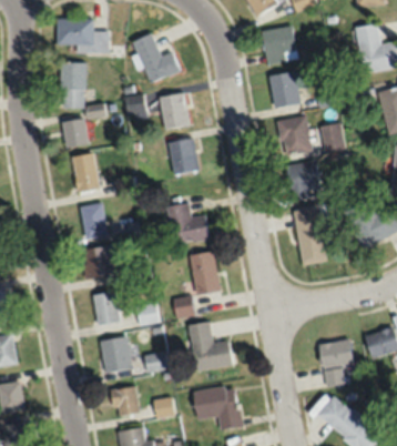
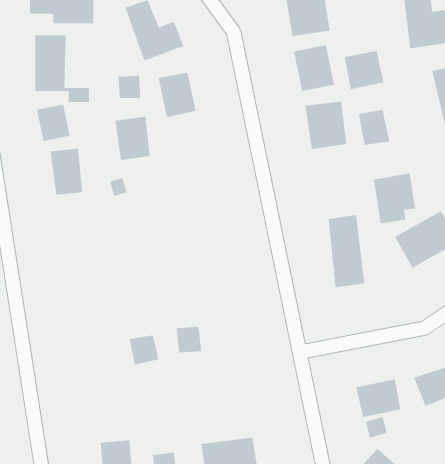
building: none -> [344,50,384,90]
building: [169,138,197,173] -> [114,116,150,160]
building: [285,160,319,201] -> [373,173,416,224]
building: [80,201,108,239] -> none
building: [166,202,208,244] -> none
building: [84,243,119,278] -> none
building: [190,251,220,295] -> none
building: [94,292,120,325] -> none
building: [187,322,232,372] -> none
building: [100,336,167,375] -> none

